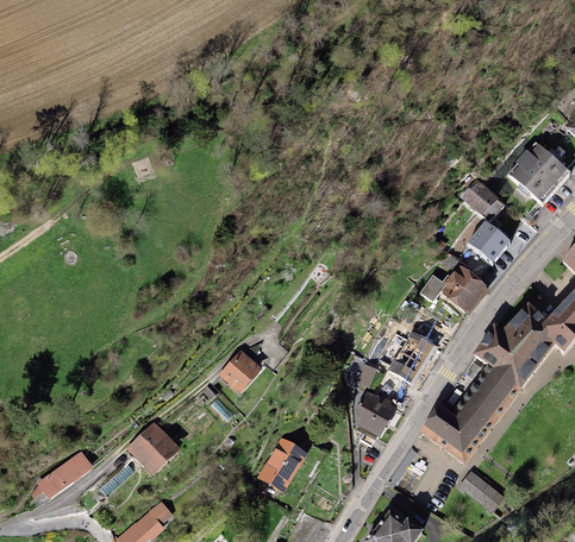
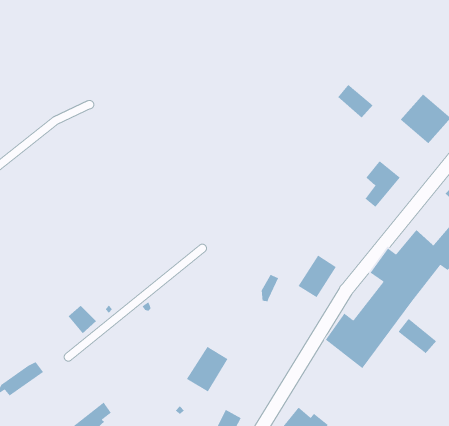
building: [461,179,504,220] -> [337,84,374,118]
building: [420,253,490,314] -> none
building: [223,355,257,390] -> none
building: [355,391,398,439] -> none
building: [136,433,170,467] -> [67,305,97,334]
building: [458,469,505,512] -> [397,318,437,354]

